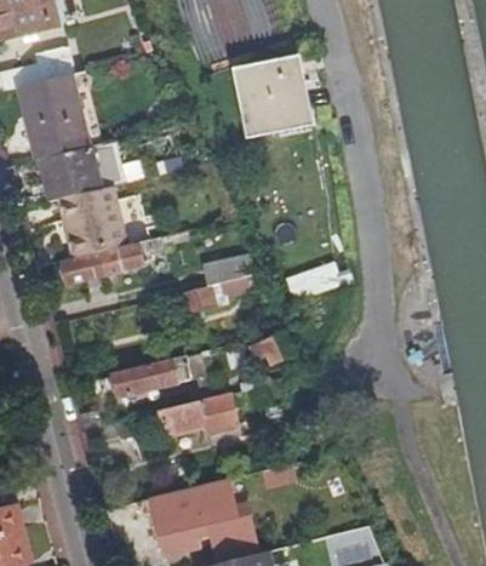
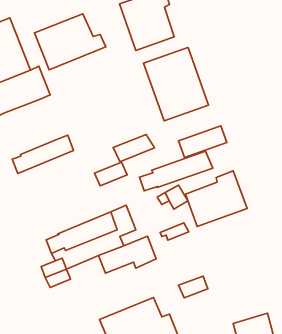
building: none -> [35,14,106,70]
building: none -> [144,48,209,121]
building: [58,187,126,258] -> none
building: none -> [139,151,213,191]
building: none -> [186,171,247,226]

